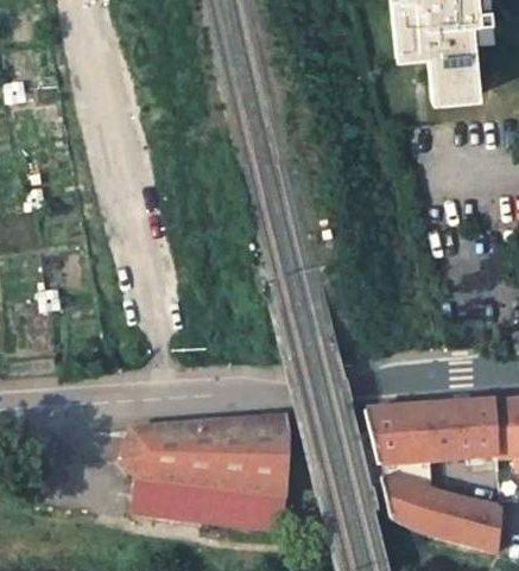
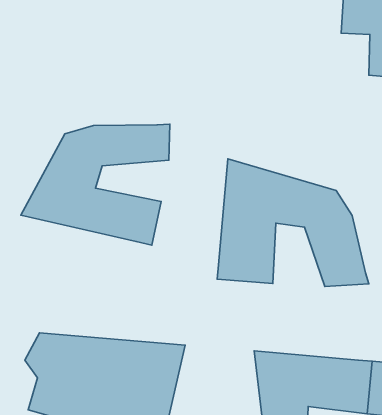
building: none -> [21,124,170,245]
building: none -> [217,159,369,287]

